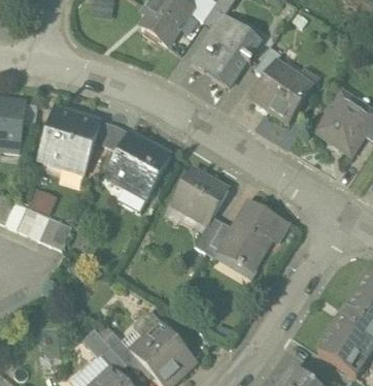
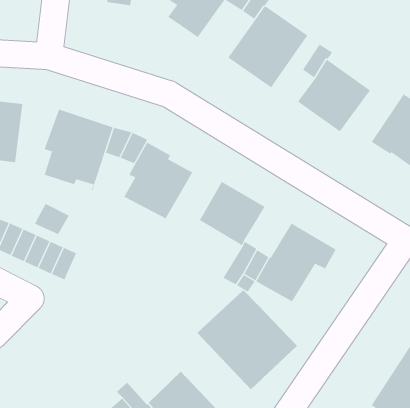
building: none -> [197,290,298,390]

